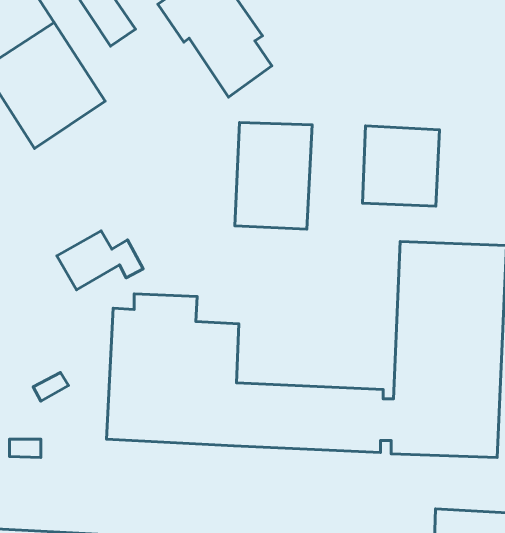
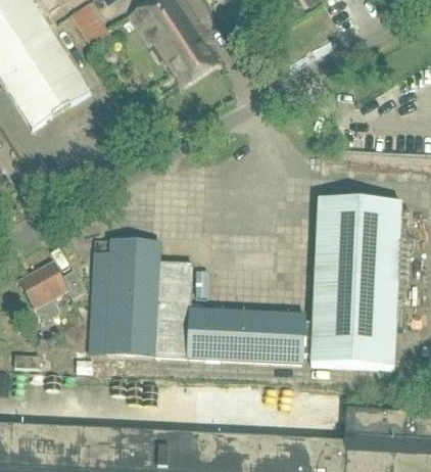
building: [235,122,312,229] -> none
building: [363,126,439,206] -> none
building: [57,231,143,290] -> [17,262,85,308]

